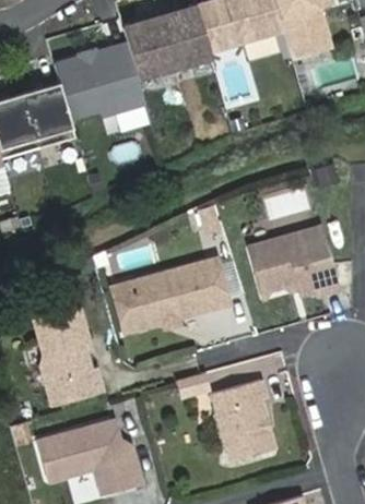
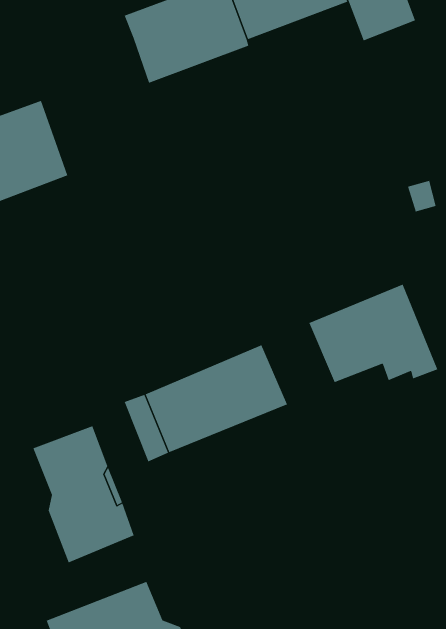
building: [57,41,148,116] -> none
building: [212,380,278,461] -> none

